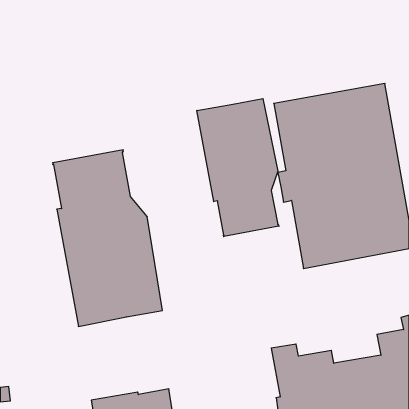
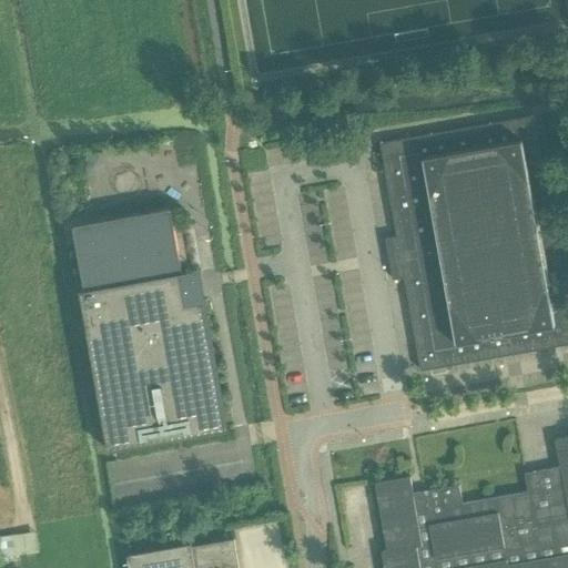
building: [197,99,279,237] -> none

